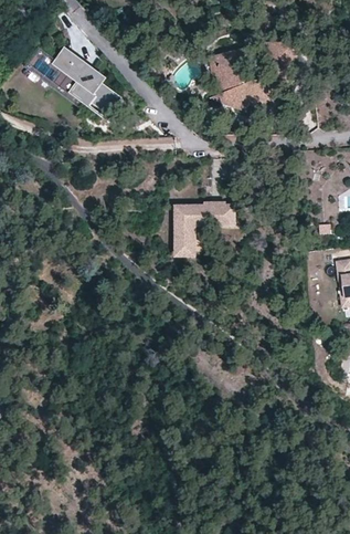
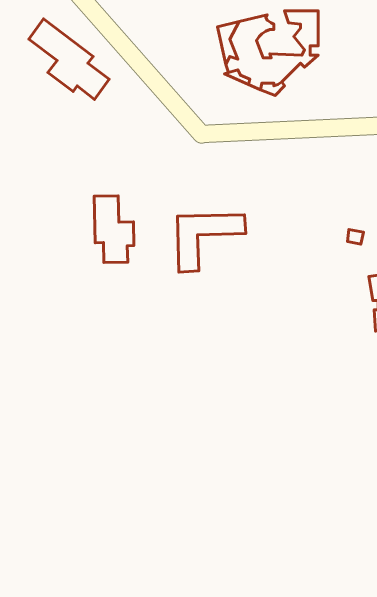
building: none -> [94,196,134,263]

